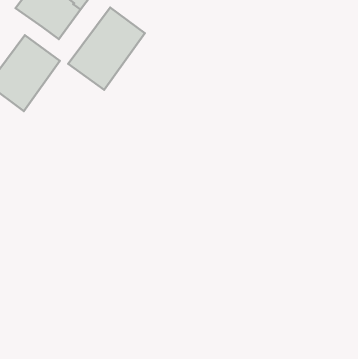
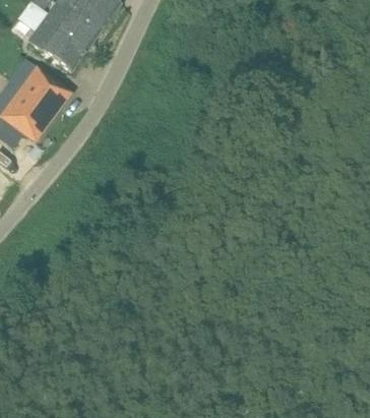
building: [68,8,145,90] -> none

